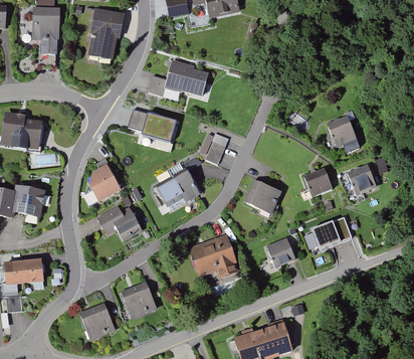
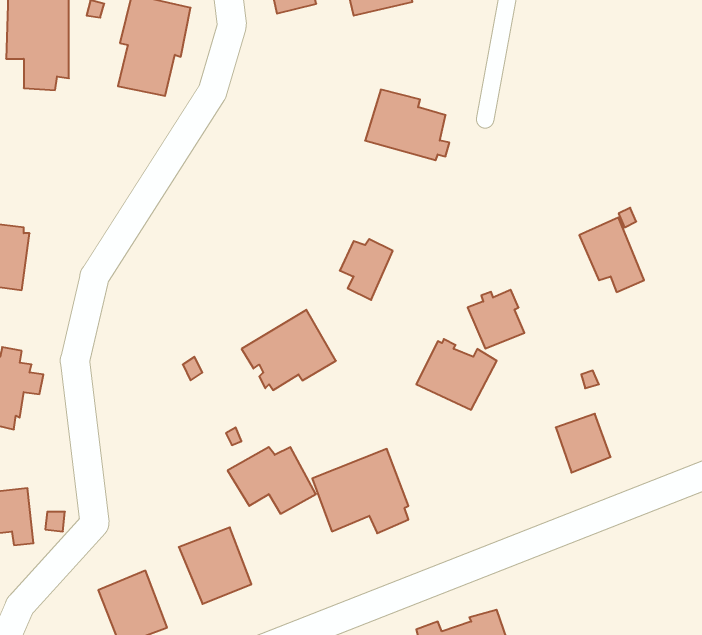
building: [164,57,207,94] -> [365,90,449,160]
building: [136,111,176,140] -> none
building: [89,157,122,201] -> none
building: [346,160,376,193] -> none
building: [303,165,333,195] -> [468,290,524,349]
building: [96,204,142,238] -> [228,447,316,514]
building: [264,241,293,272] -> none

